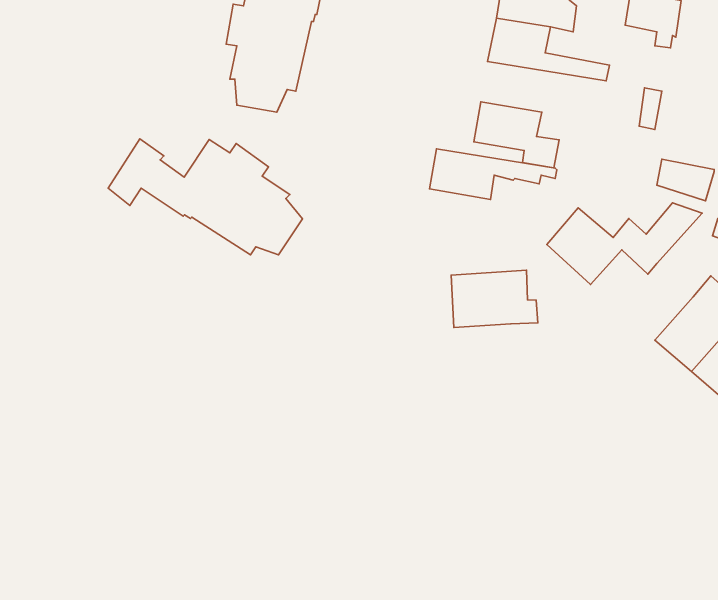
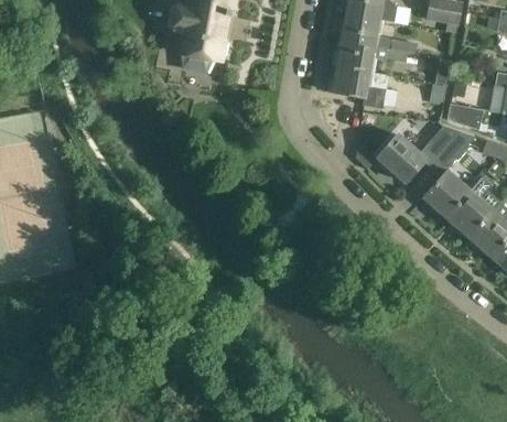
building: [108,139,303,255] -> none
building: [430,149,557,199] -> [335,41,416,73]
building: none -> [422,169,470,217]
building: [451,270,538,328] -> none

